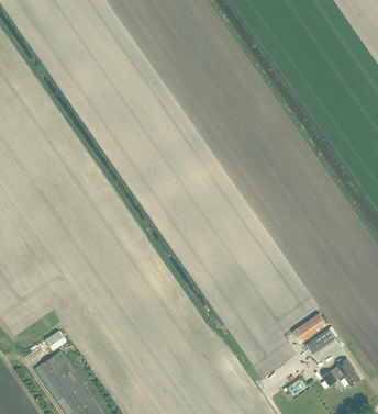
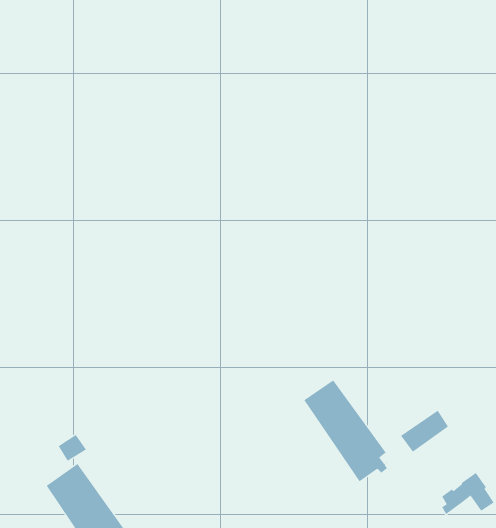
building: none -> [303,380,388,482]
building: [307,327,343,362] -> none

